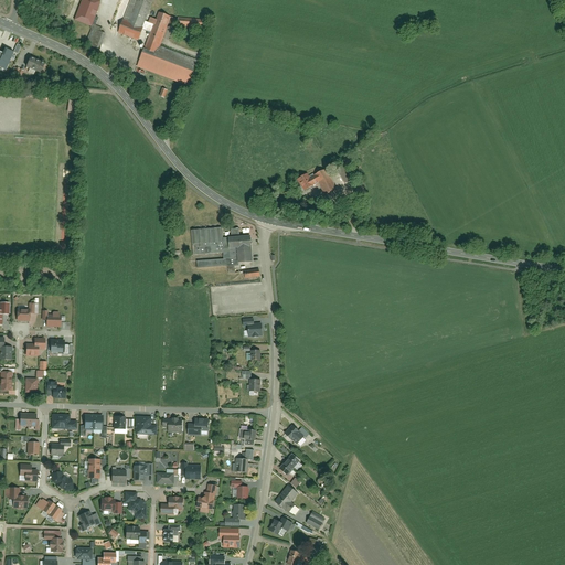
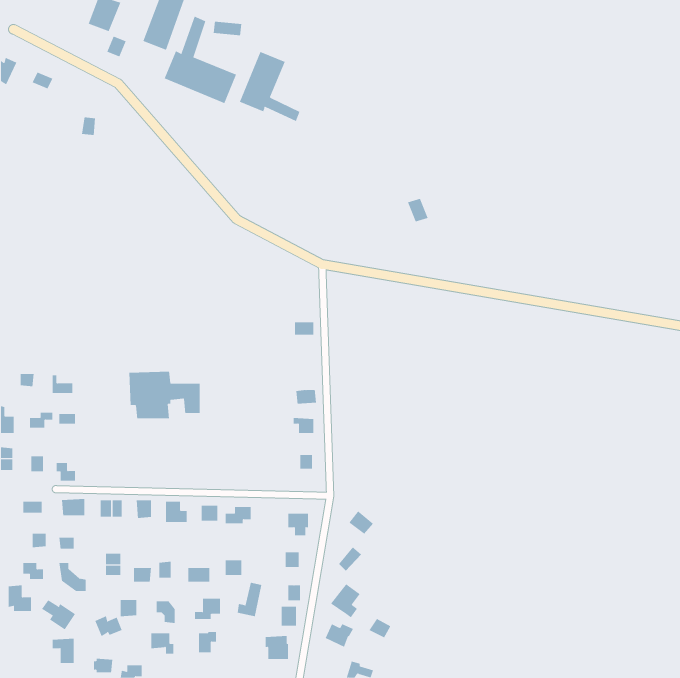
building: none -> [239,51,300,122]
building: [298,168,337,194] -> none
building: [191,227,250,267] -> [128,371,200,419]

